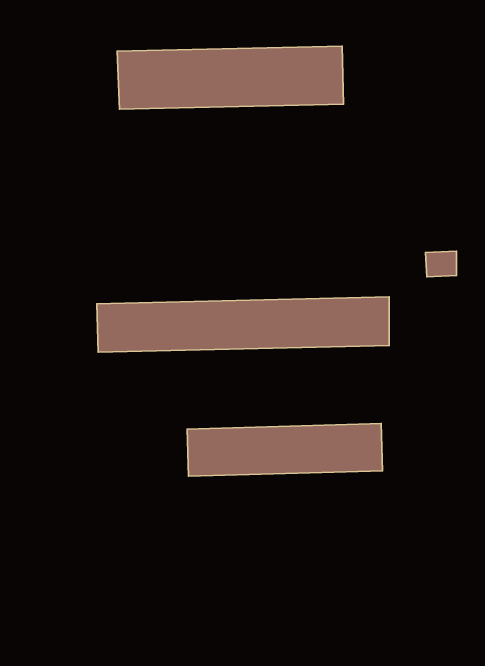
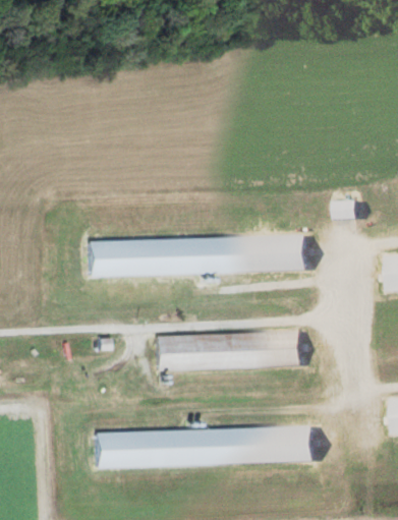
building: [117,46,343,109] -> none
building: none -> [93,426,314,468]

